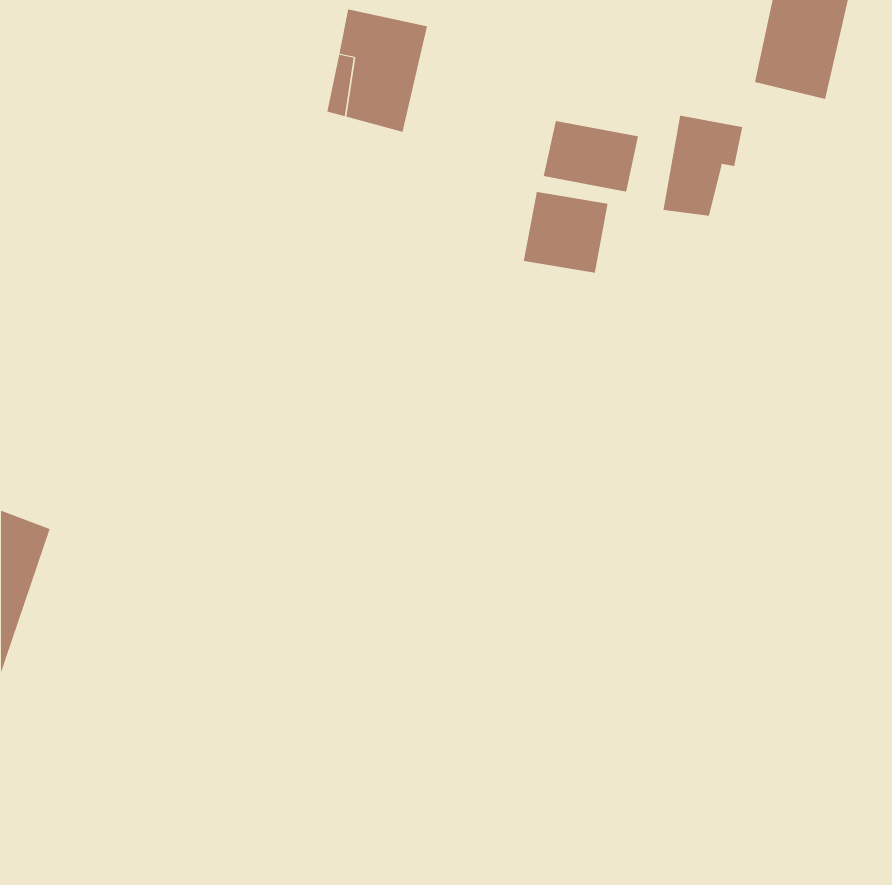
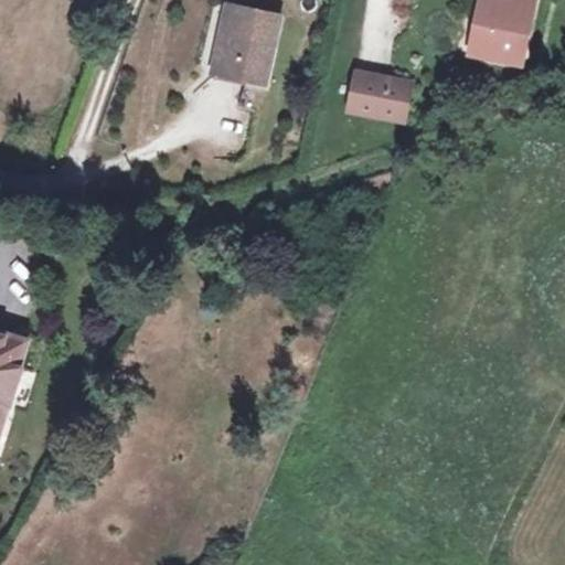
building: [663,115,743,216] -> none
building: [523,191,608,273] -> none

